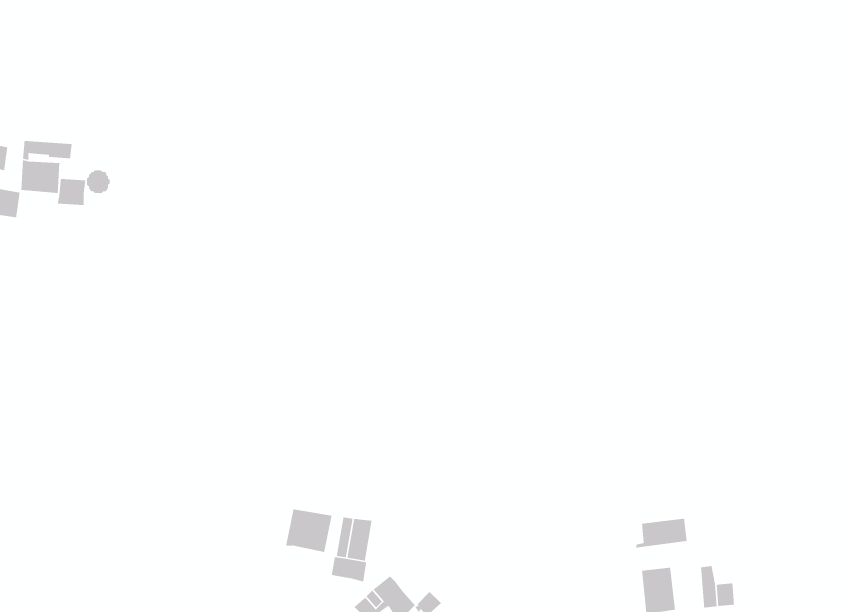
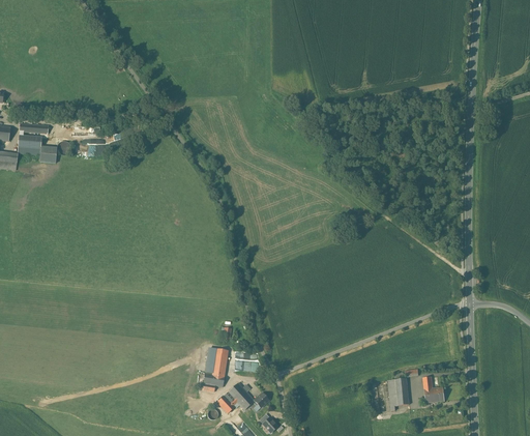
building: [285,509,332,553] -> none
building: [635,518,688,548] -> none

